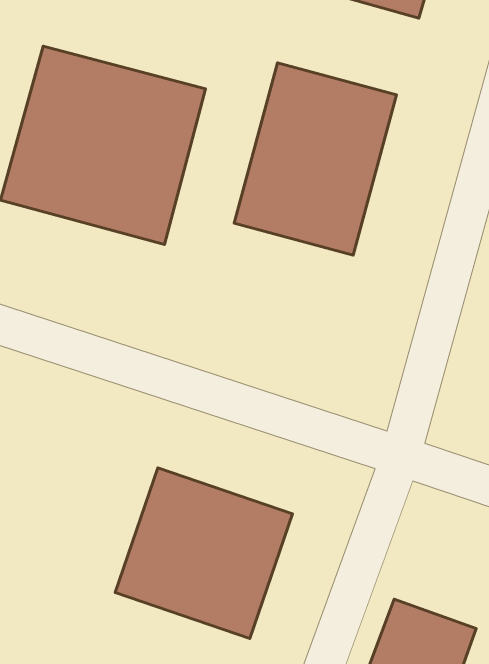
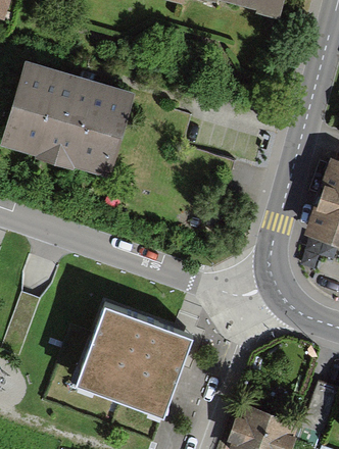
building: [234,63,396,255] -> none

